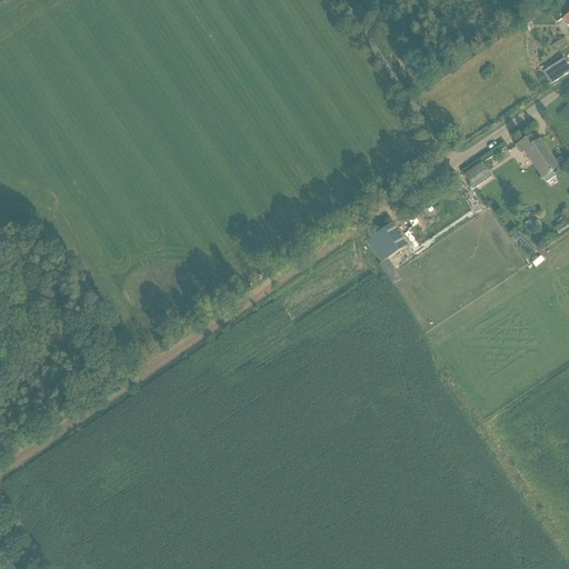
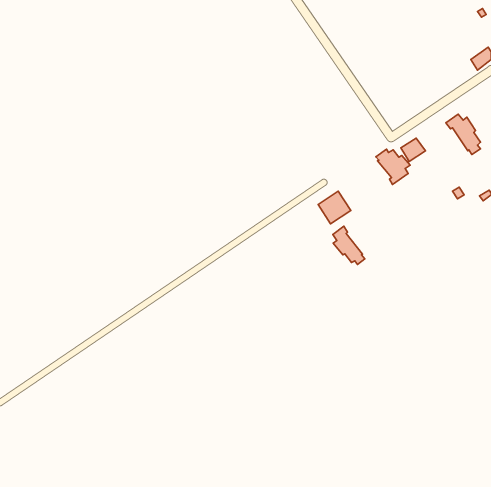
building: none -> [376,149,410,184]
building: none -> [333,226,365,265]

